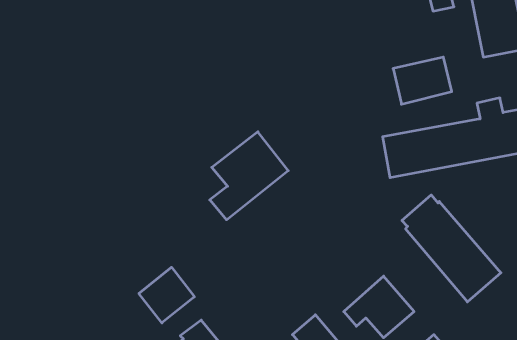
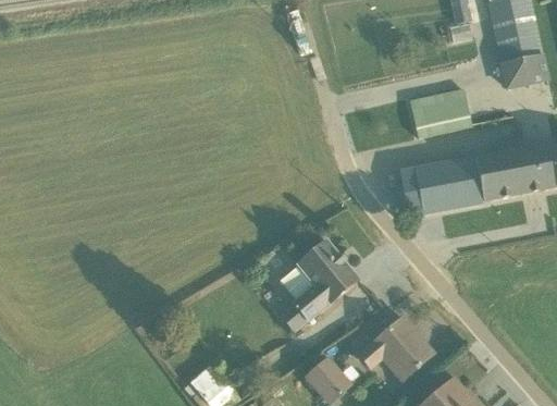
building: [210,132,288,220] -> [277,242,359,333]
building: [402,195,501,302] -> none
building: [139,267,194,323] -> none

